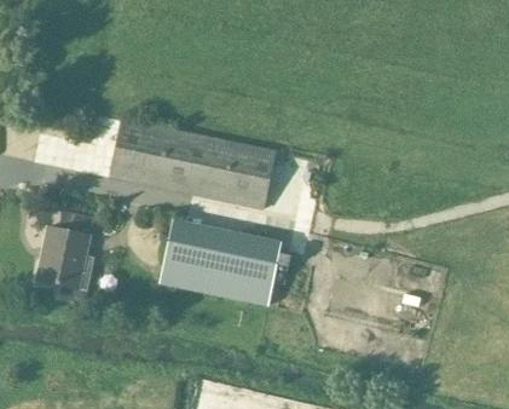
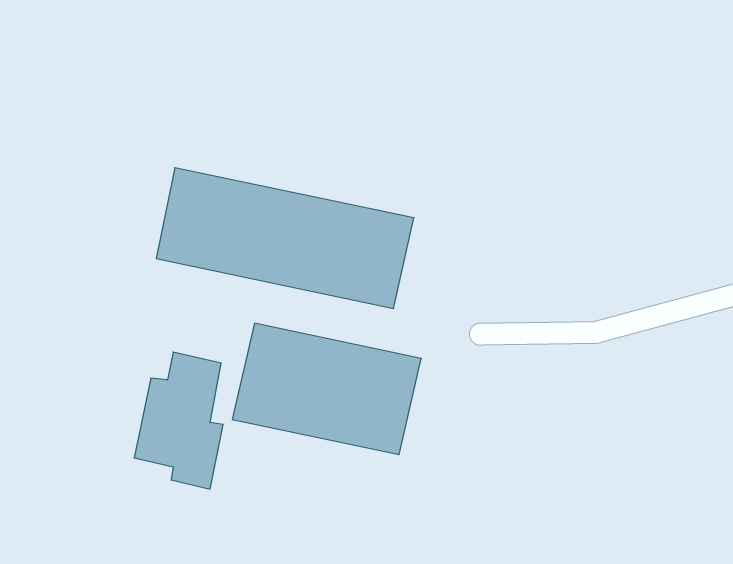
building: [37,211,96,300] -> [134,352,223,489]

